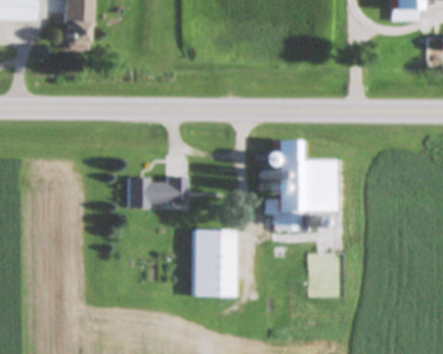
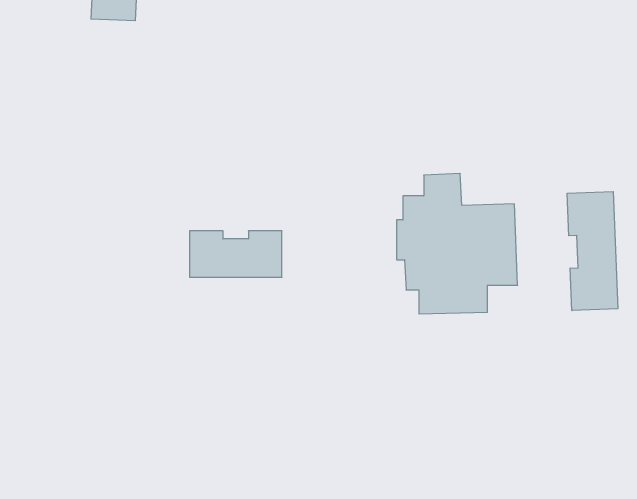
building: none -> [567,192,618,311]
building: [193,230,236,296] -> none

